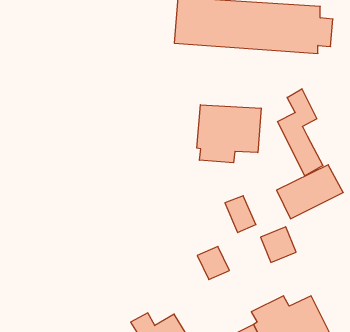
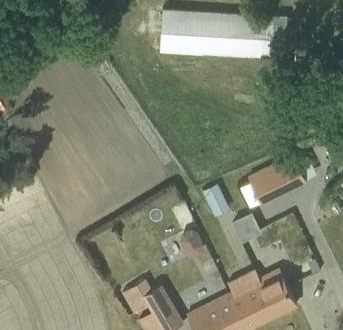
building: [278,89,323,176] -> none
building: [197,105,261,163] -> none

